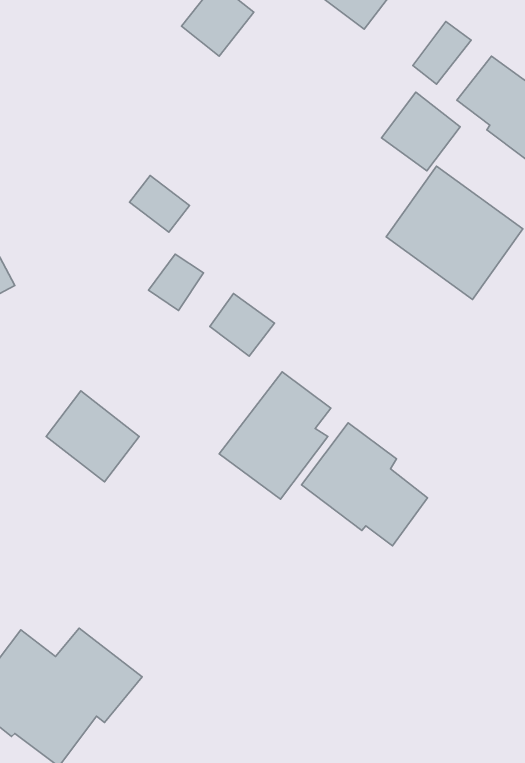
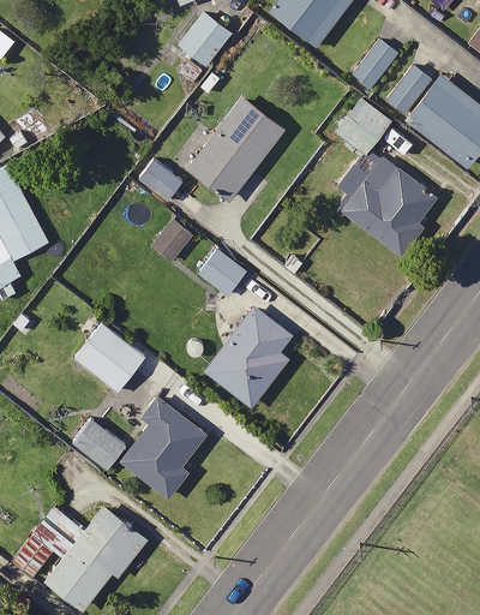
building: none -> [188,96,284,199]
building: [302,423,428,546] -> none
building: none -> [74,396,205,497]

